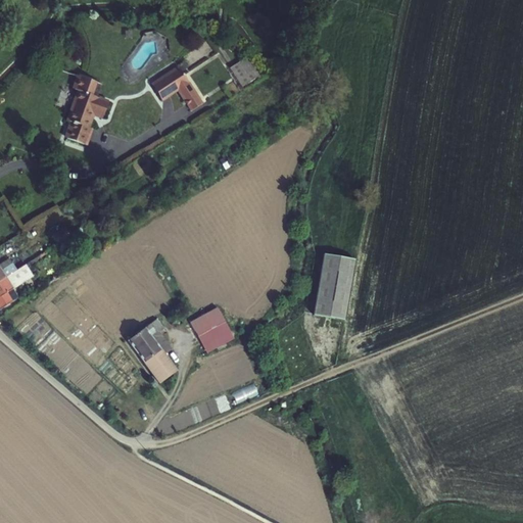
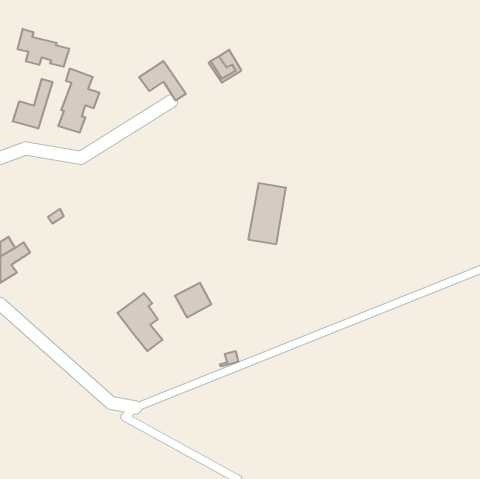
building: none -> [18,29,69,67]
building: none -> [13,79,52,129]
building: [315,255,355,322] -> [248,183,286,244]

